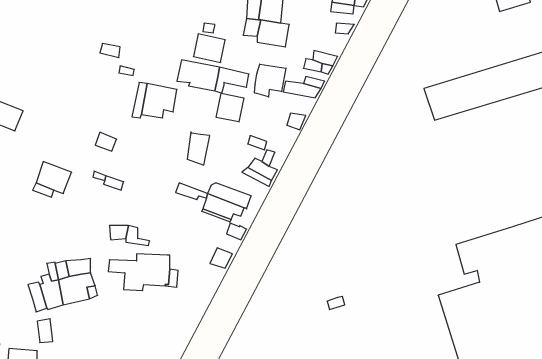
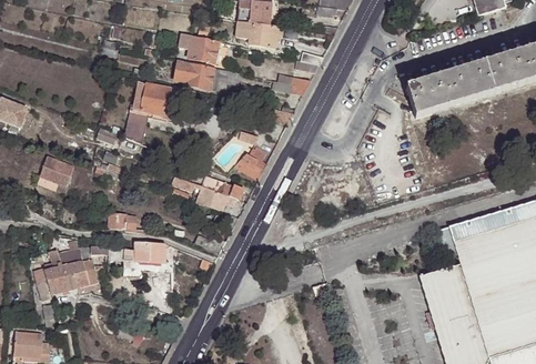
building: [255,64,286,97] -> none
building: [216,93,244,122] -> none
building: [187,132,210,165] -> [125,112,146,143]

